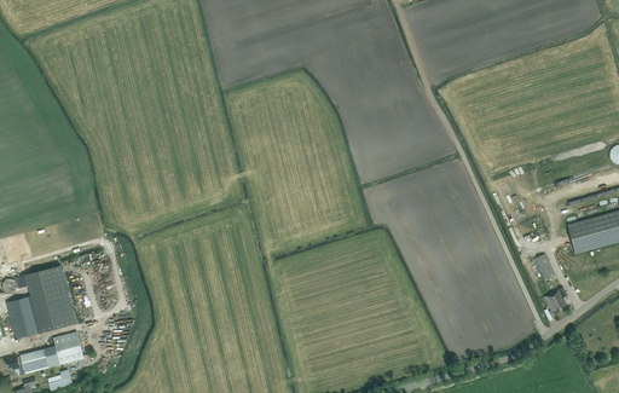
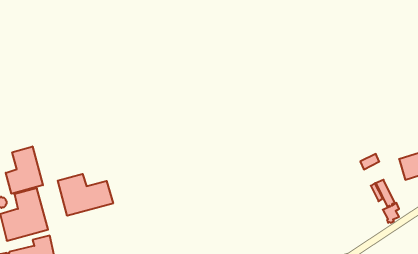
building: none -> [6,146,43,194]
building: none -> [58,174,113,216]

